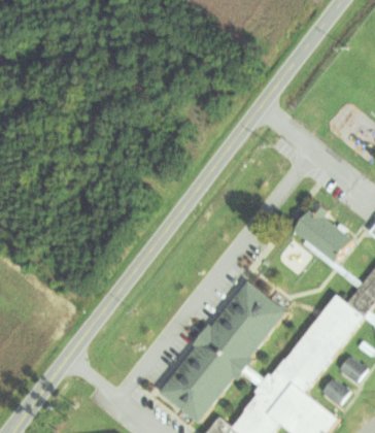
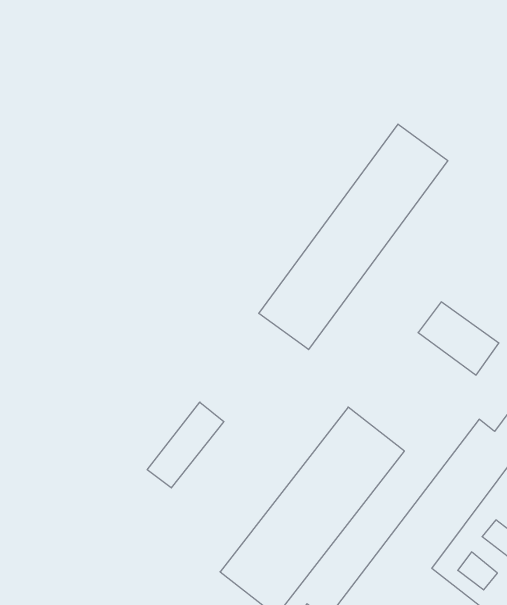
building: none -> [259,124,448,350]
building: none -> [147,402,224,488]

